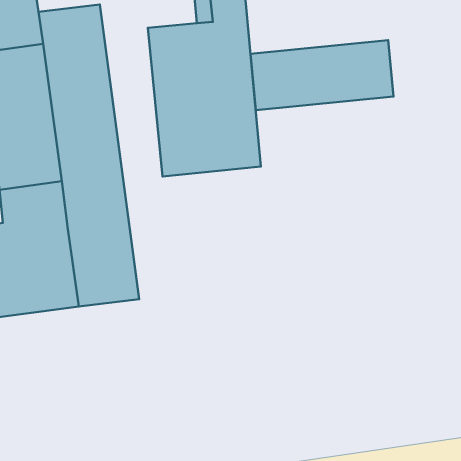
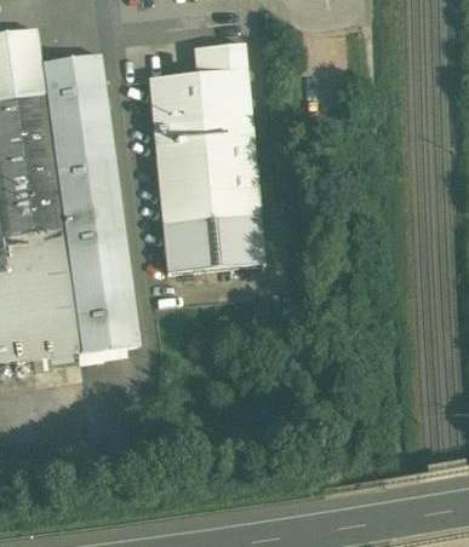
building: [250,40,394,110] -> none
building: none -> [162,214,264,272]

